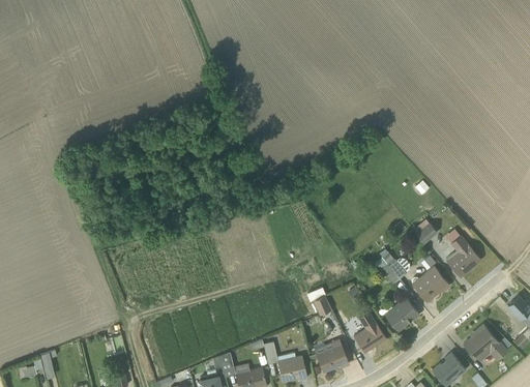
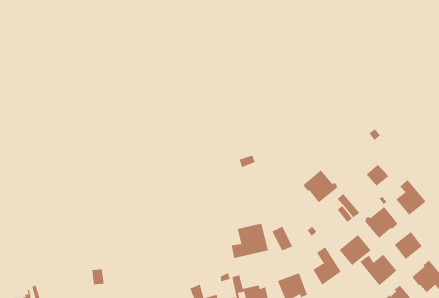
building: none -> [303,169,337,203]
building: none -> [231,223,269,259]
building: none -> [394,231,423,260]
building: none -> [360,254,397,286]

